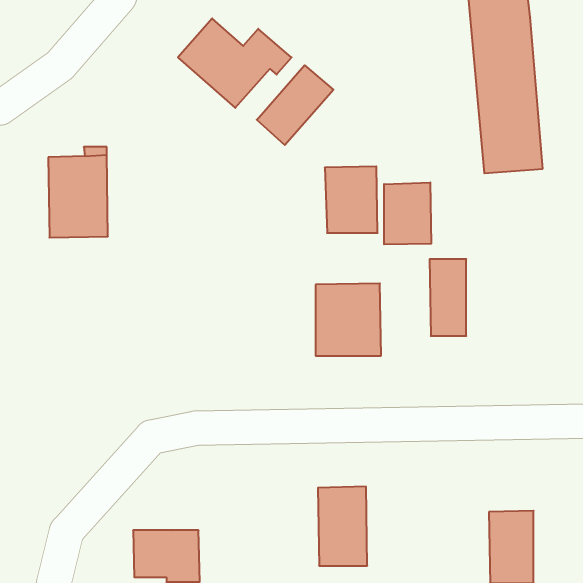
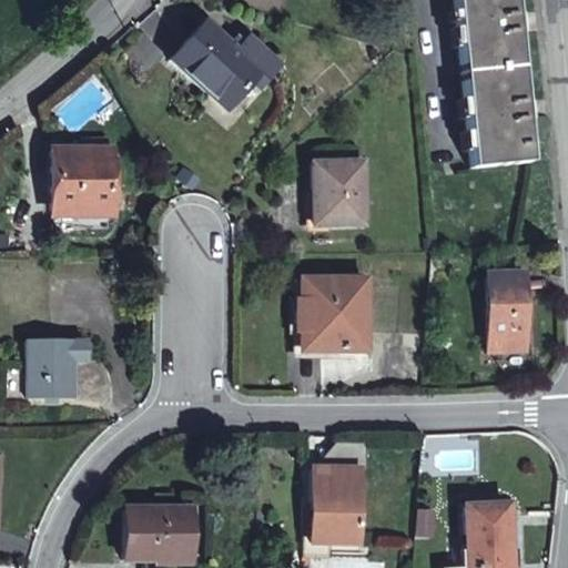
building: [257,65,333,145] -> none
building: [384,182,431,244] -> none
building: [430,259,466,336] -> [494,263,529,337]
building: none -> [26,338,89,398]

